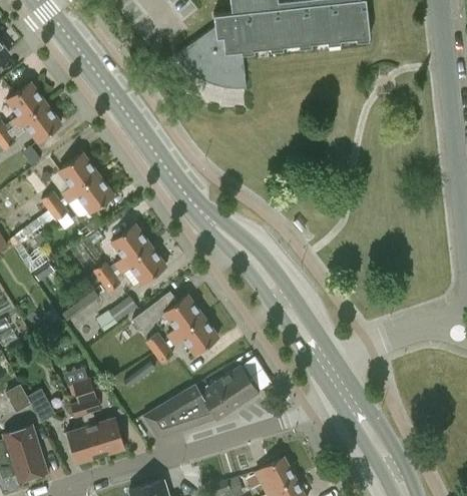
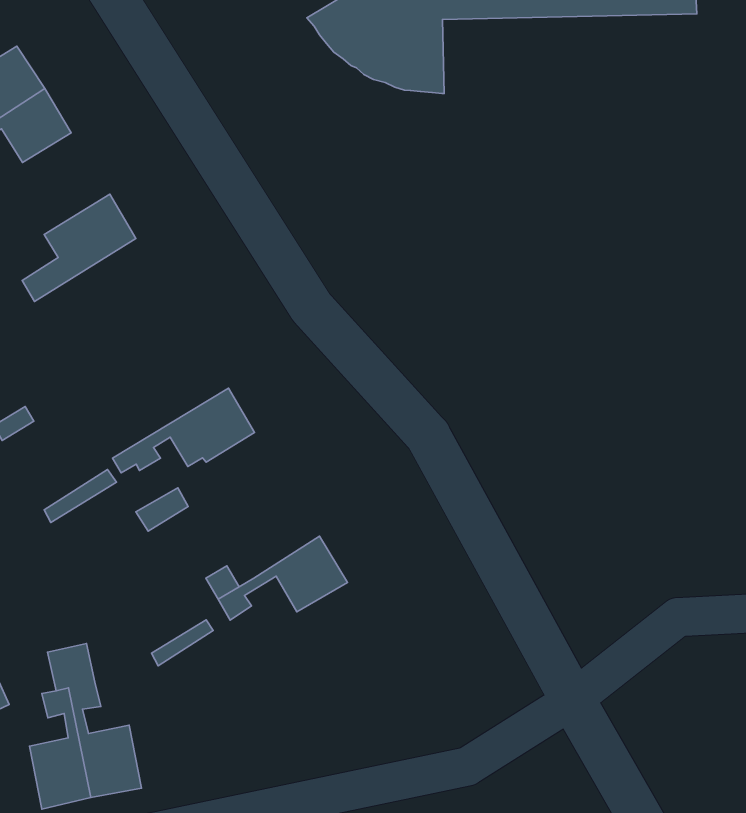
building: [49,173,113,218] -> none
building: [89,223,150,285] -> none
building: [132,291,202,339] -> none
building: [143,366,258,437] -> none

